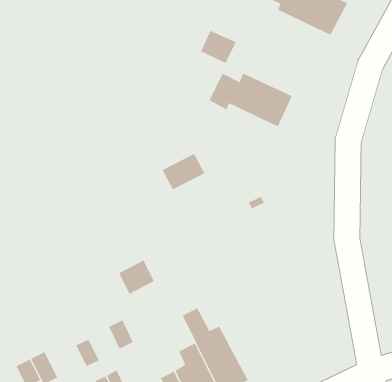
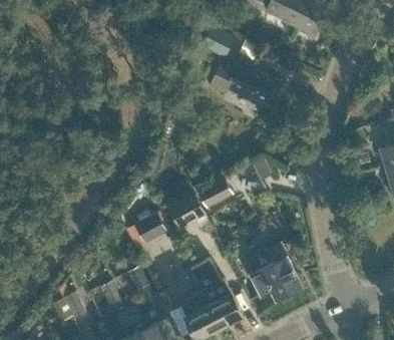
building: [161,153,205,191] -> [198,178,234,209]
building: none -> [169,199,205,232]
building: none -> [250,245,301,300]

